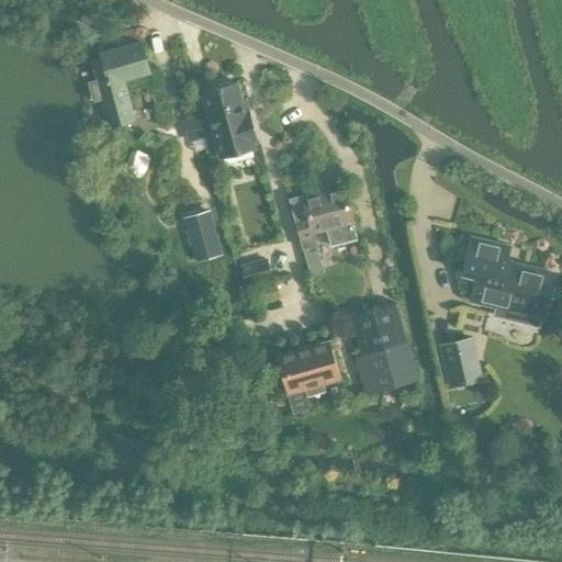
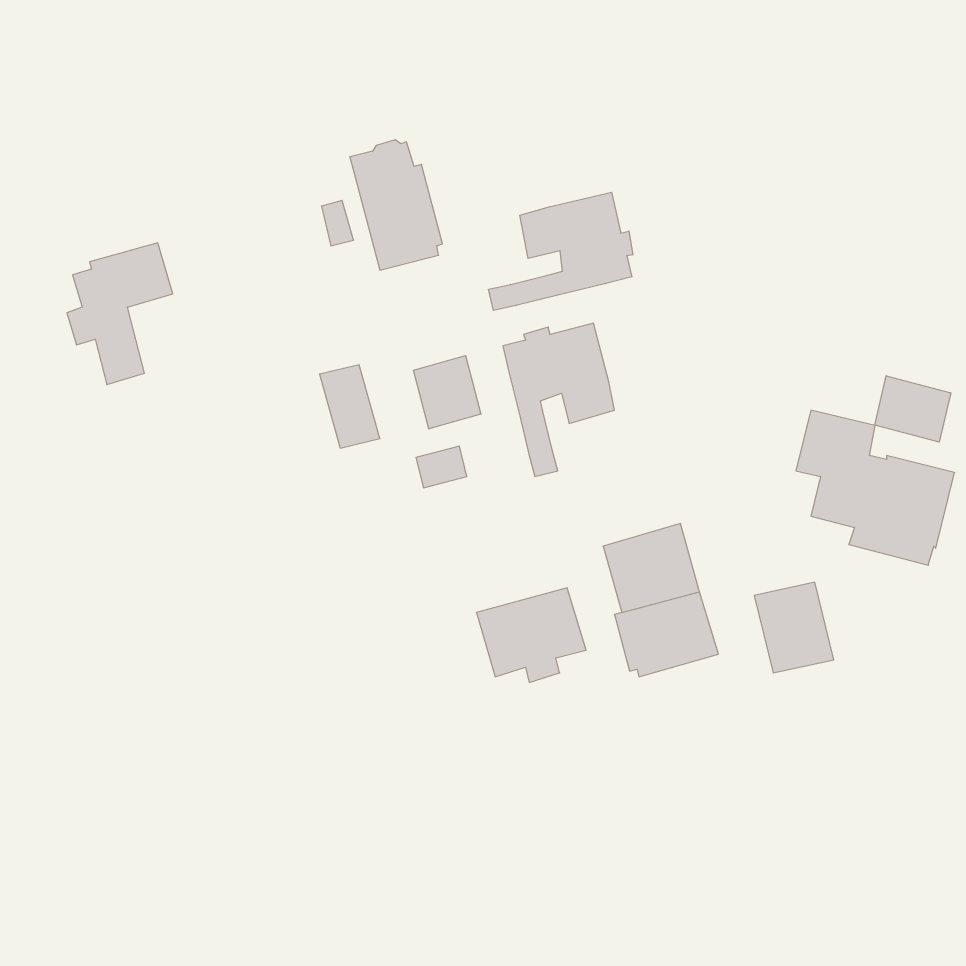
building: [88,43,149,125] -> [67,243,173,385]
building: none -> [489,192,633,310]
building: none -> [414,356,481,429]
building: none -> [875,376,951,442]

